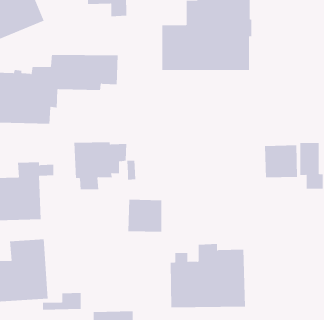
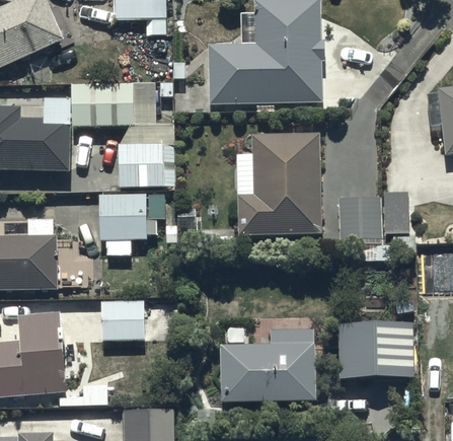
building: none -> [236,134,321,235]
building: none -> [119,144,175,188]
building: [128,199,162,232] -> [101,298,145,340]
building: none -> [337,318,410,378]

